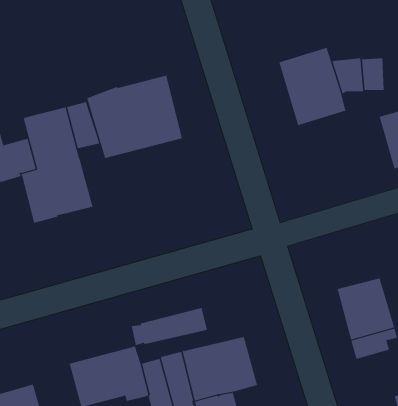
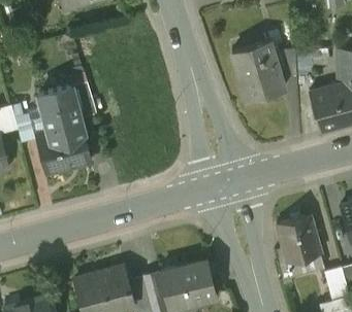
building: [87,75,183,159] -> none
building: [131,307,207,346] -> none

